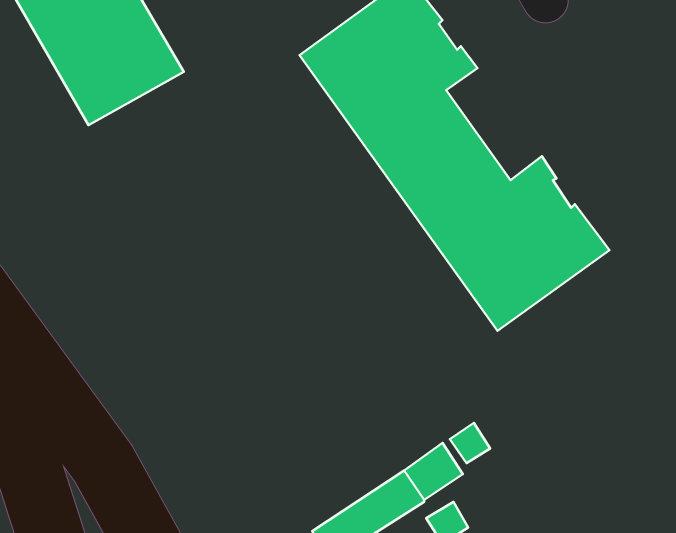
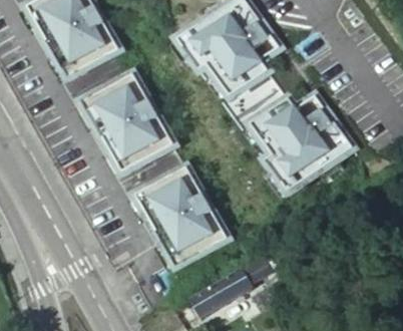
building: none -> [80,73,172,173]
building: none -> [134,167,227,266]

